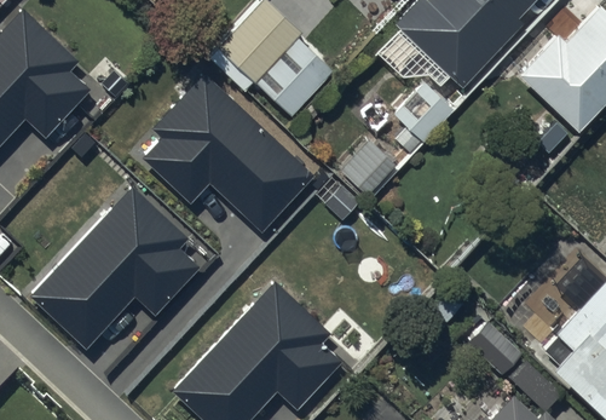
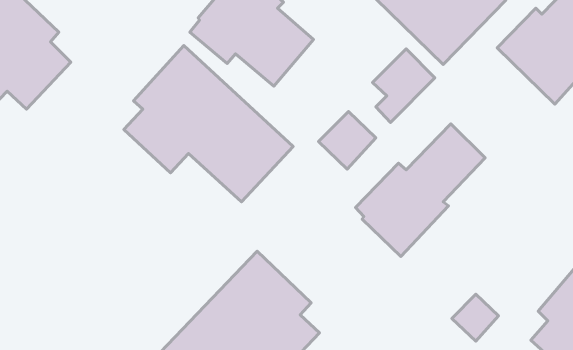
building: none -> [355,124,485,257]
building: [29,186,198,349] -> none

